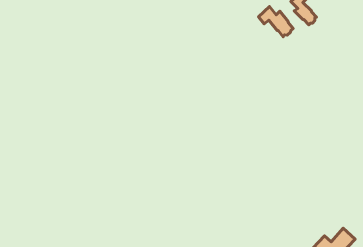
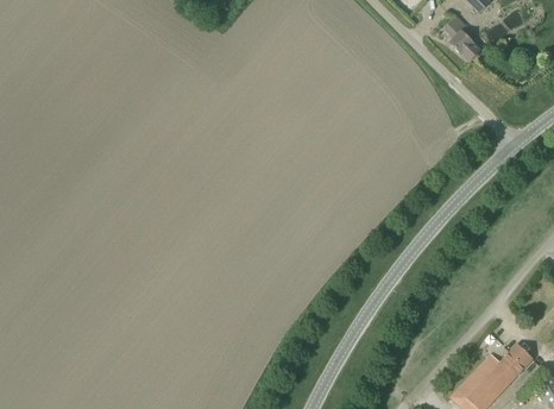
building: [258,7,293,37] -> none

